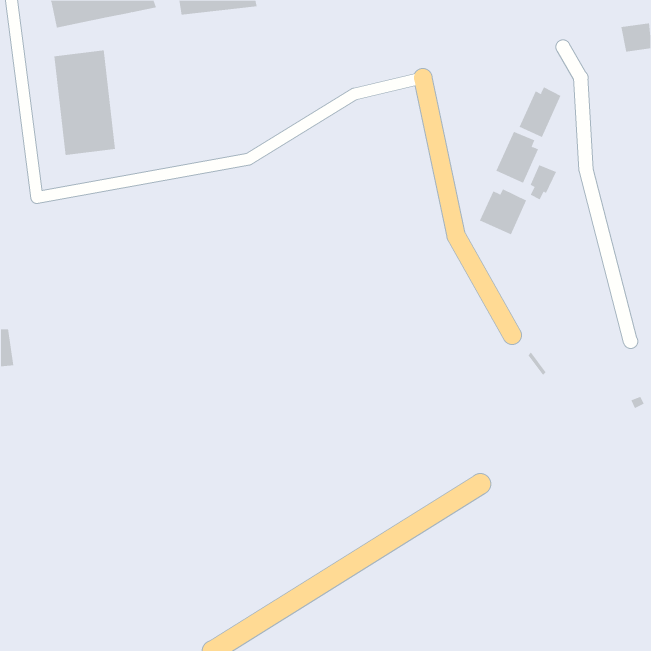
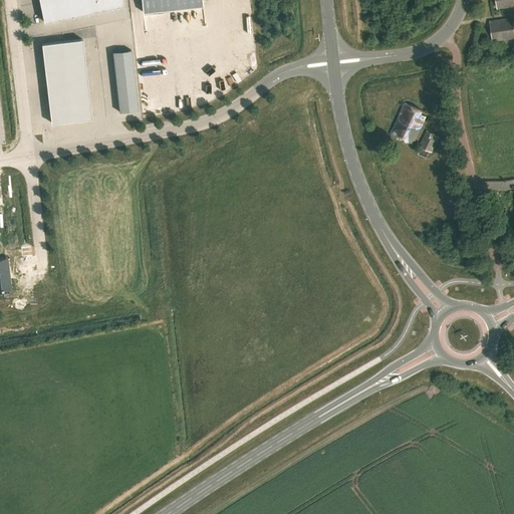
building: none -> [112,50,138,112]
building: [519,87,561,138] -> none
building: [479,188,527,235] -> none

